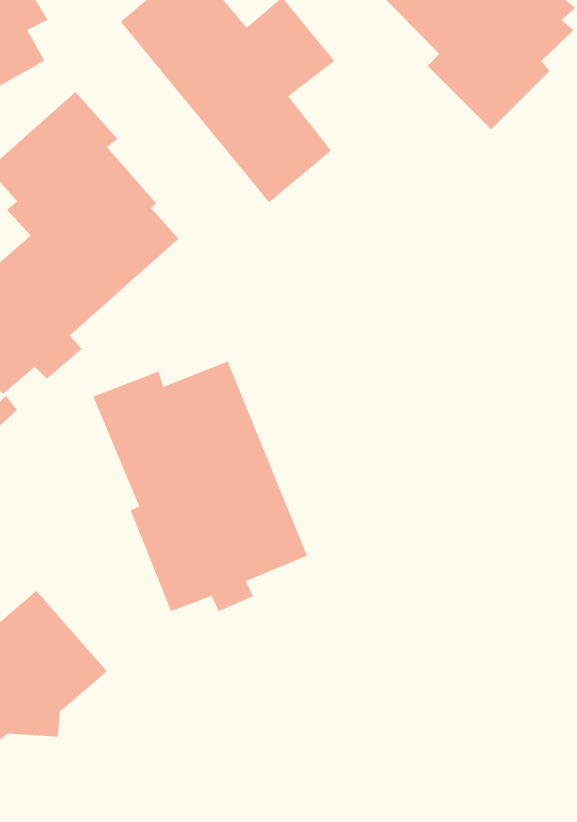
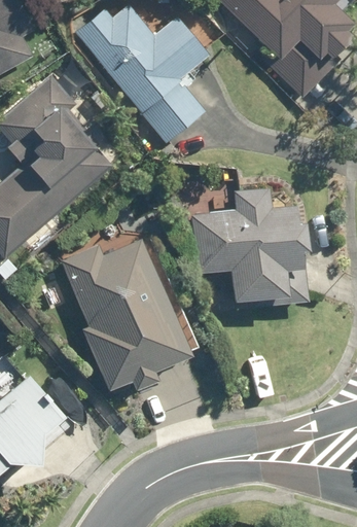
building: none -> [191,186,308,308]

